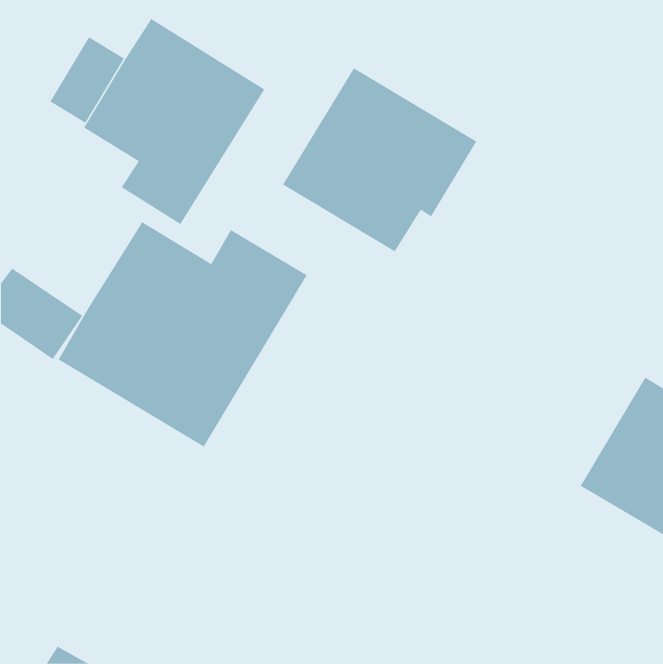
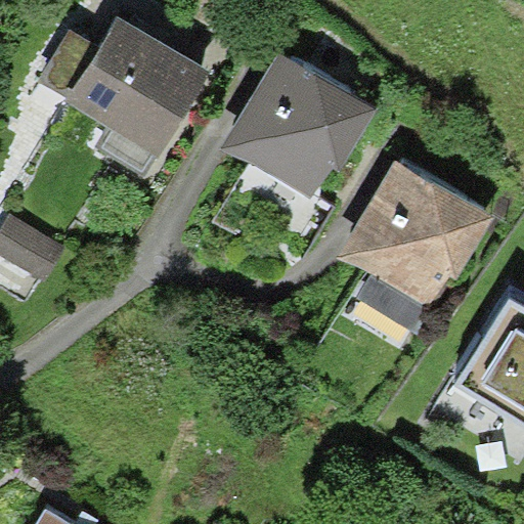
building: none -> [341,160,493,330]
building: [58,221,307,447] -> none

